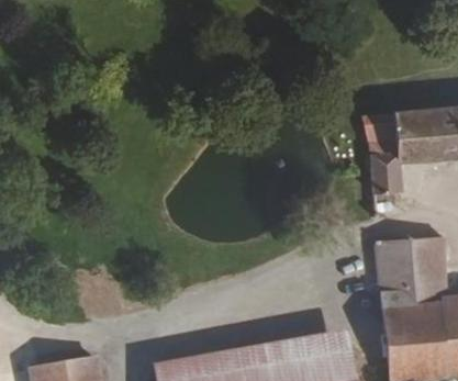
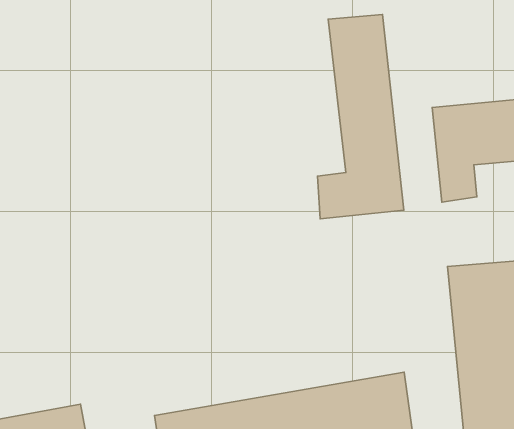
building: none -> [318,15,404,219]

